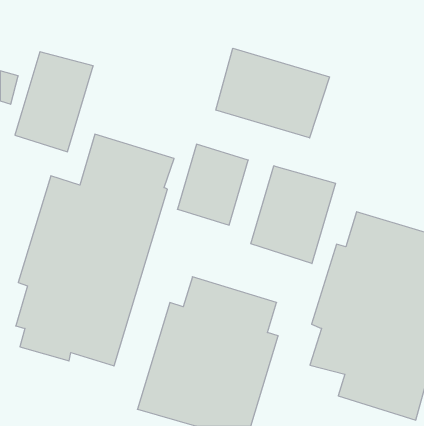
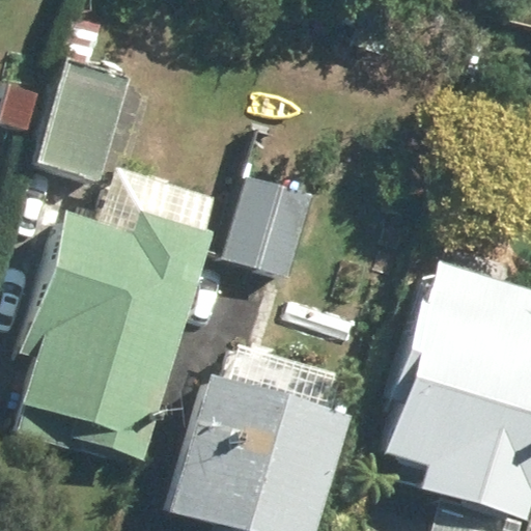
building: [216,48,330,138] -> none
building: [251,166,336,264] -> none

